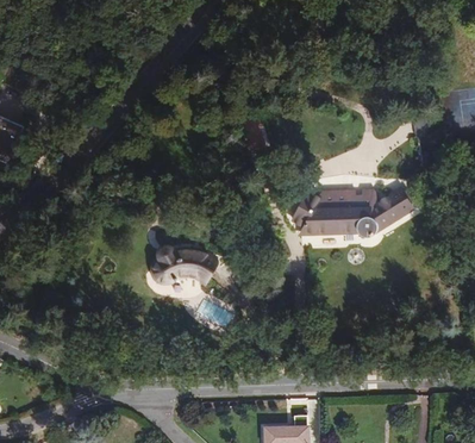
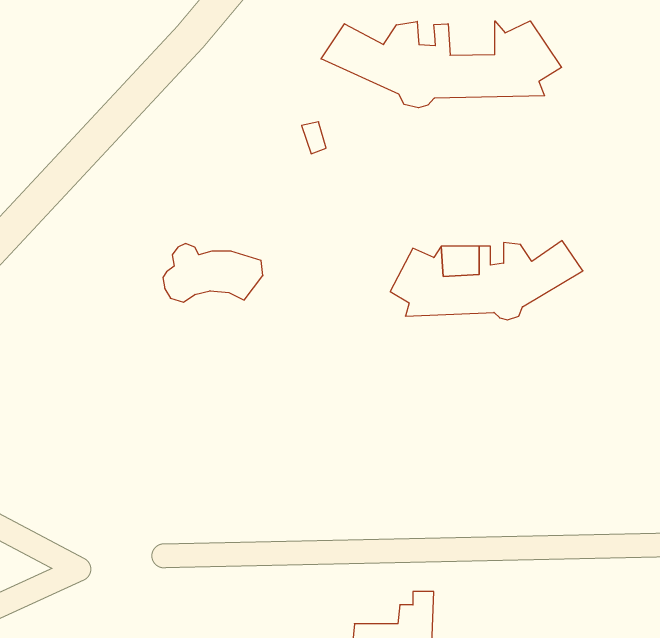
building: none -> [321,21,562,108]
building: [151,247,214,283] -> [163,244,263,302]

